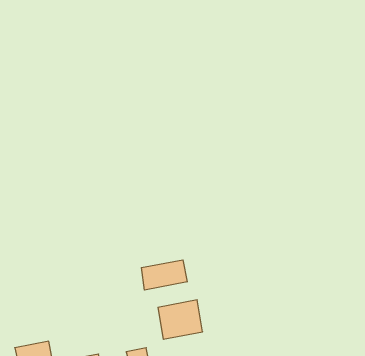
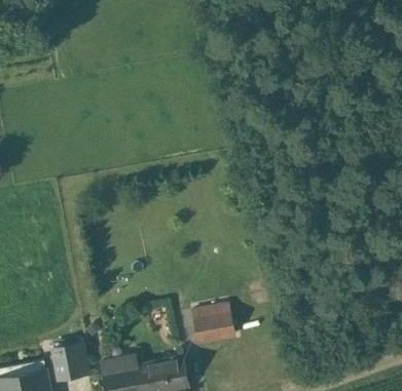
building: [141,260,187,290] -> none

